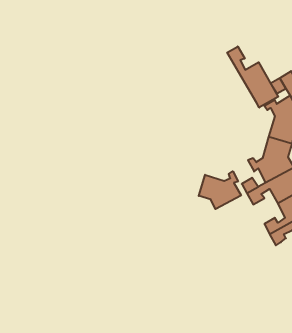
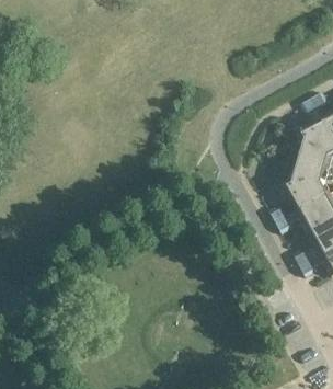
building: [227,46,278,108] -> none
building: [199,171,241,209] -> none

